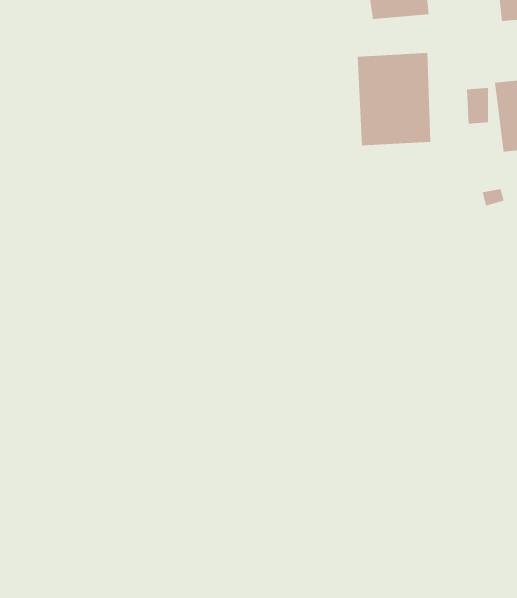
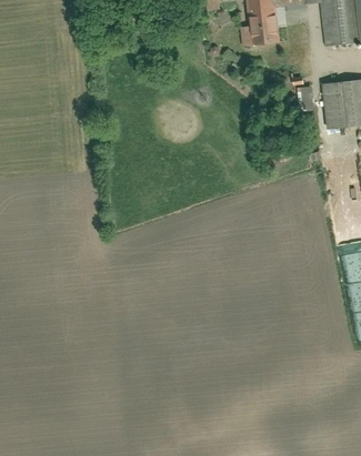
building: [357,52,431,146] -> none

